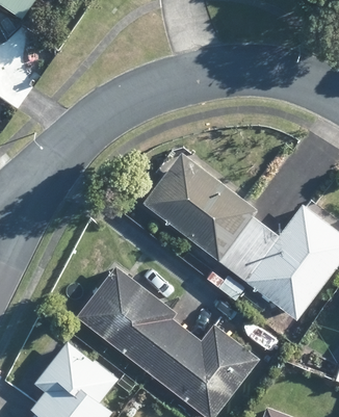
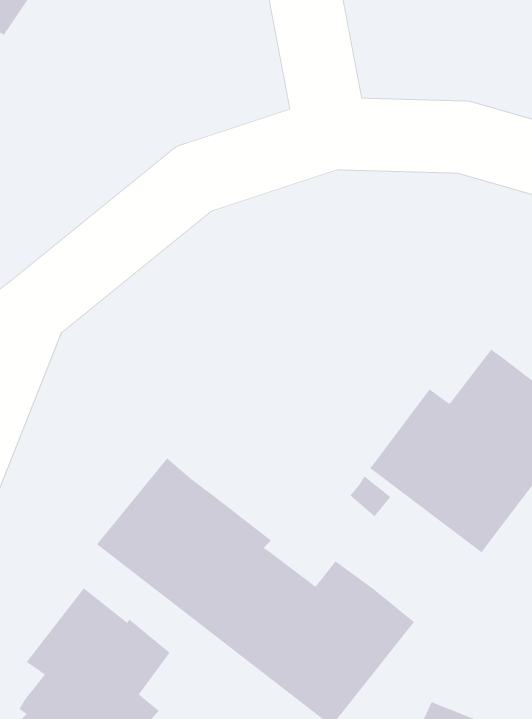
building: [142,152,265,270] -> none

